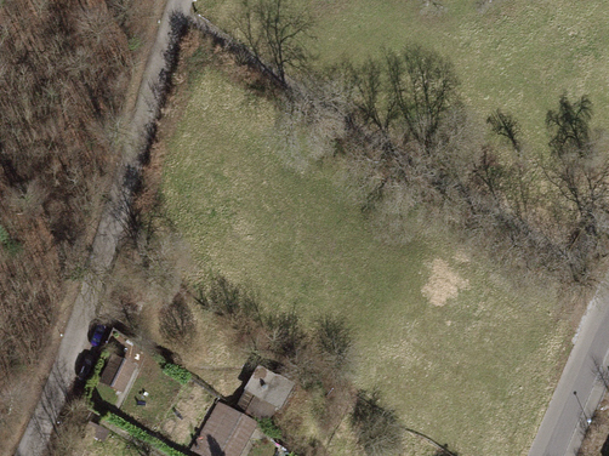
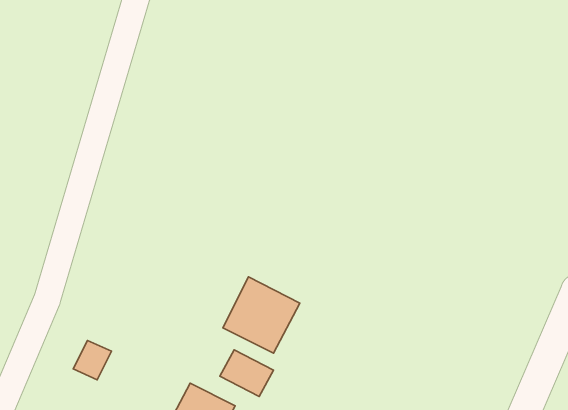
building: none -> [223,277,300,353]

